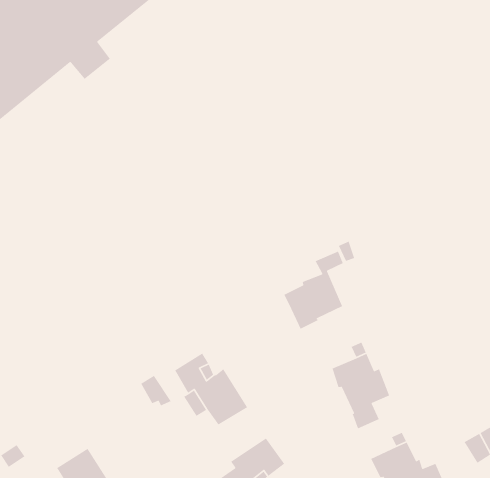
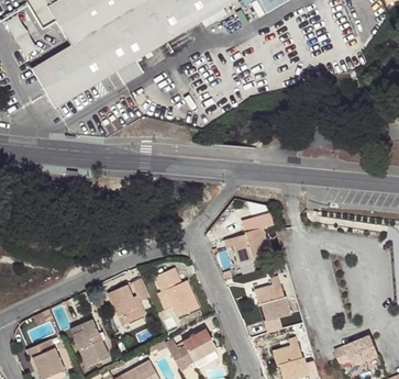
building: none -> [109,286,145,332]

